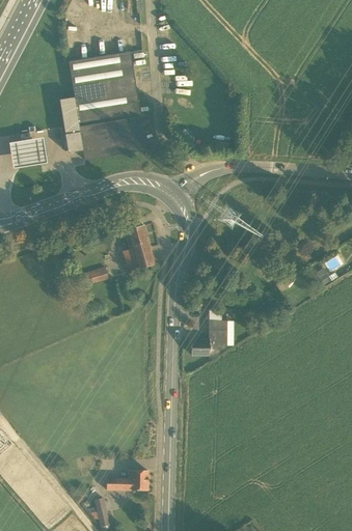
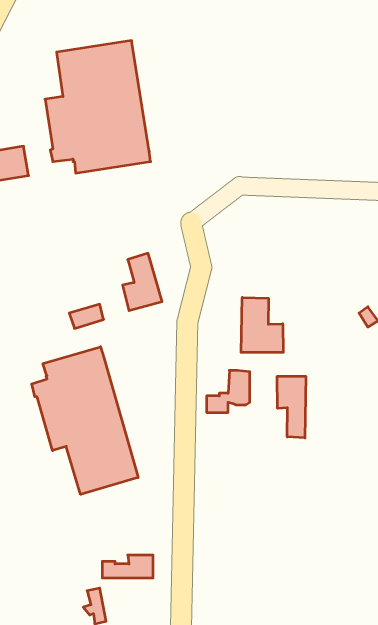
building: none -> [241,297,283,352]
building: none -> [32,347,138,494]
building: none -> [277,376,306,438]

